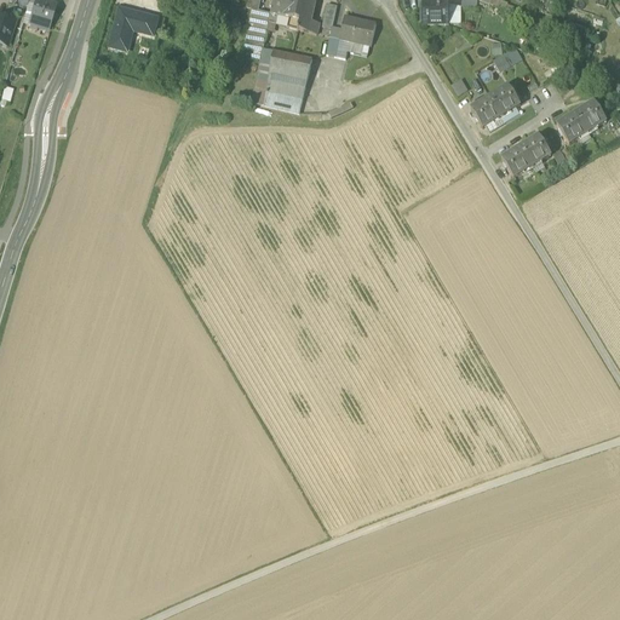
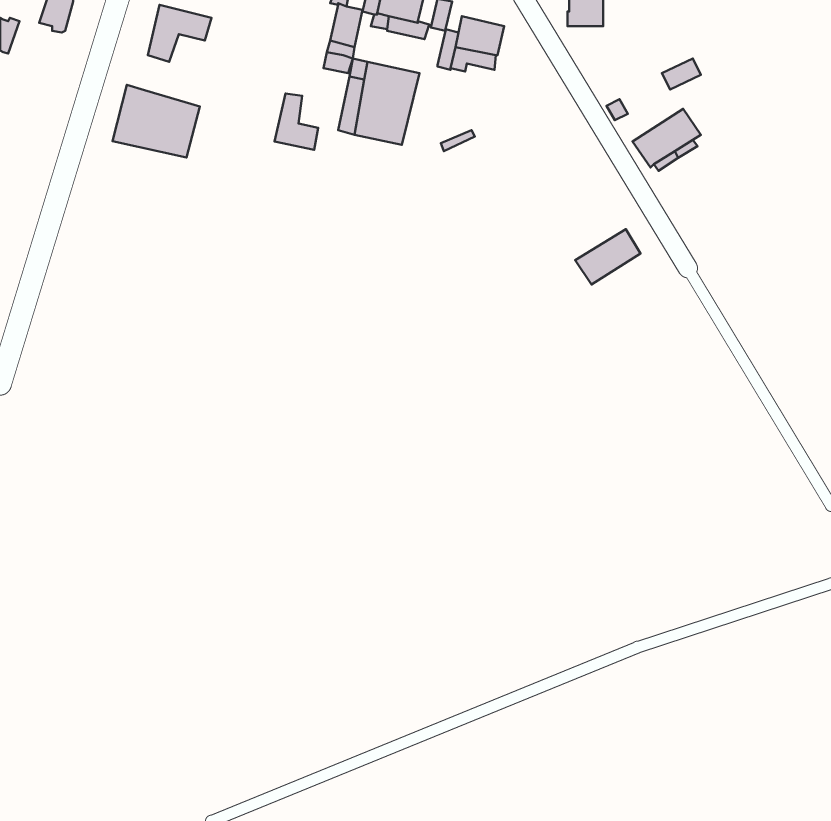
building: none -> [113,85,200,157]
building: none -> [275,94,318,150]
building: [558,97,607,139] -> none
building: [503,132,551,173] -> [575,229,640,285]

